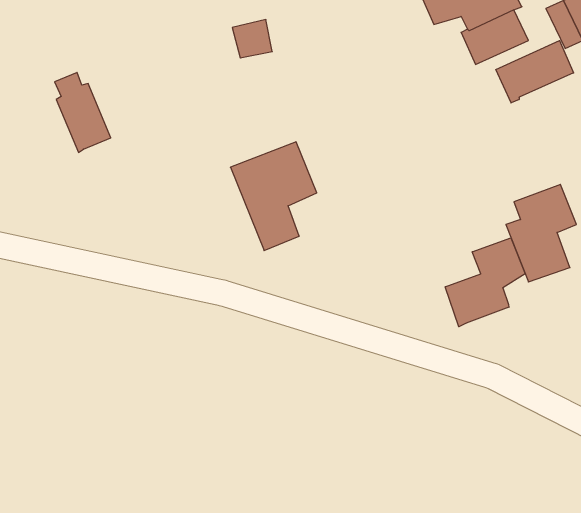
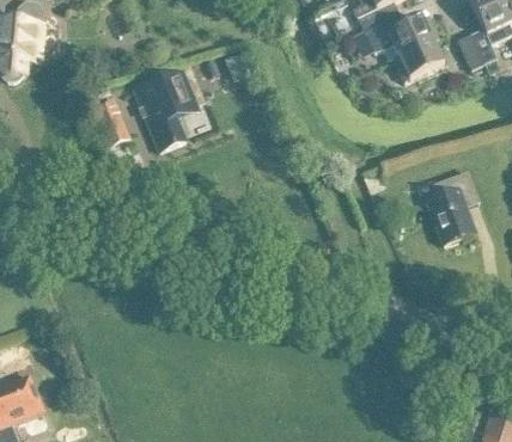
building: [496,41,574,103] -> none
building: [230,142,317,251] -> [134,70,199,152]
building: [445,238,525,327] -> none

